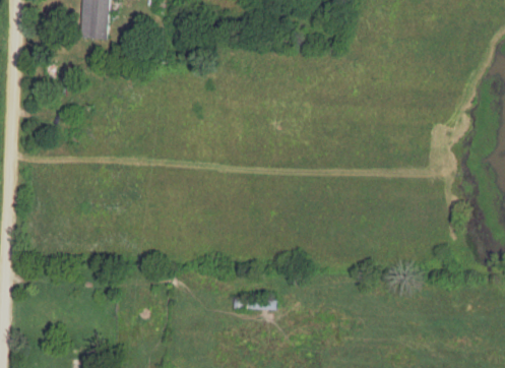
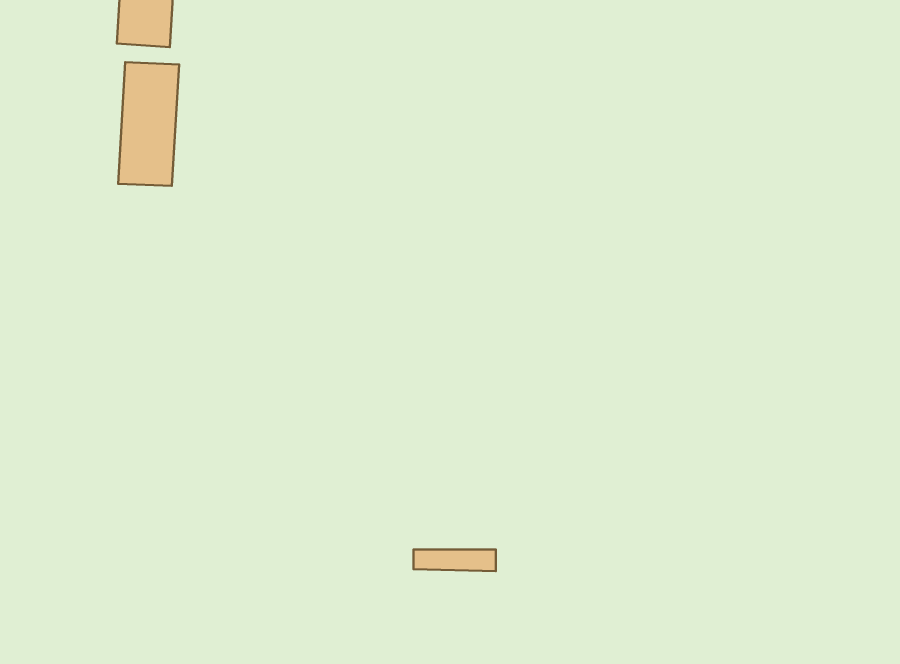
building: none -> [118,62,179,186]

